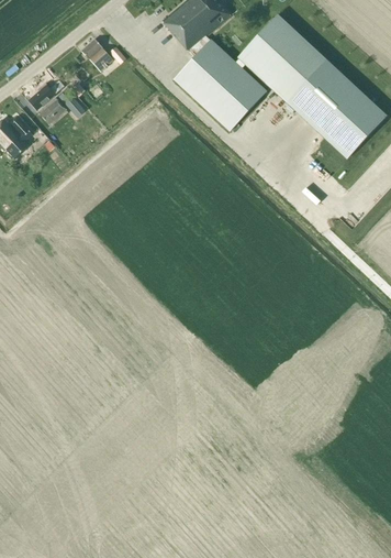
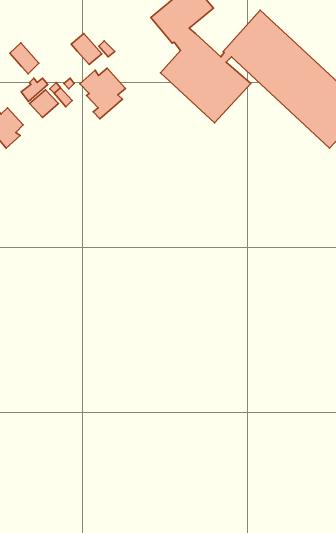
building: none -> [10,43,39,74]
building: none -> [80,68,125,119]

